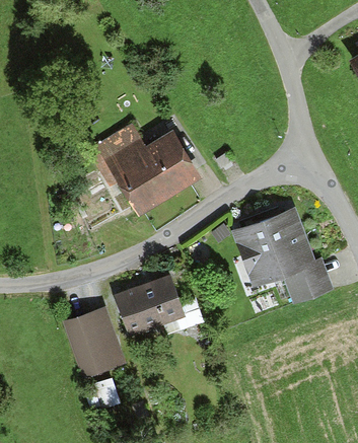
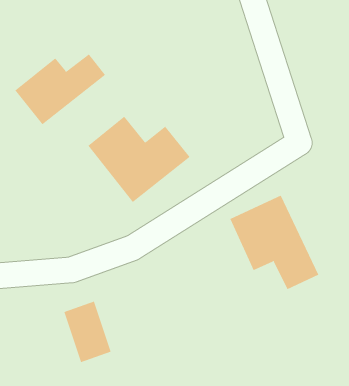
building: none -> [15,54,106,125]
building: [116,274,186,336] -> none

